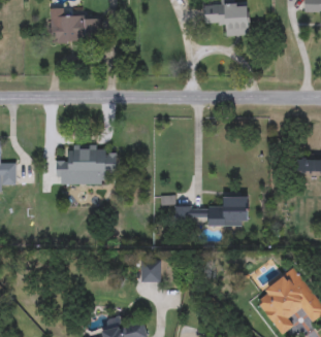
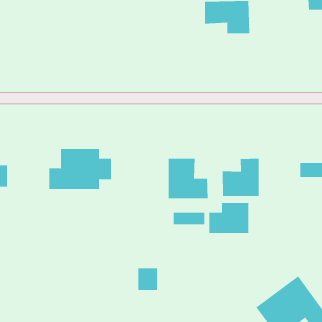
building: [51,8,100,43] -> none
building: none -> [168,158,208,199]
building: none -> [222,158,259,197]

